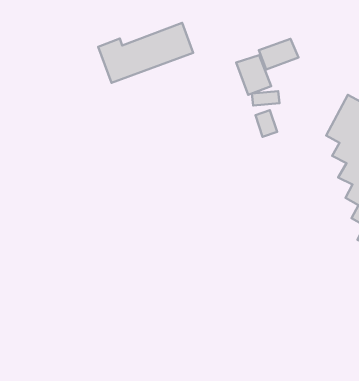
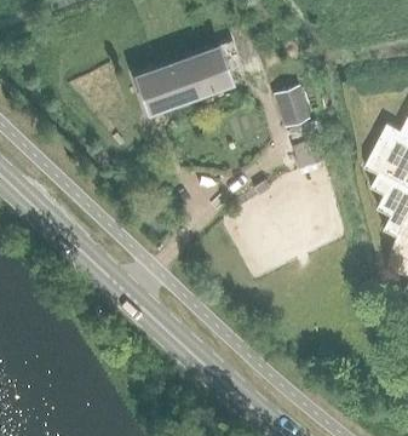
building: [259,39,299,70] -> none

